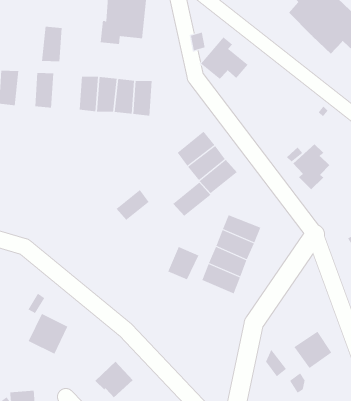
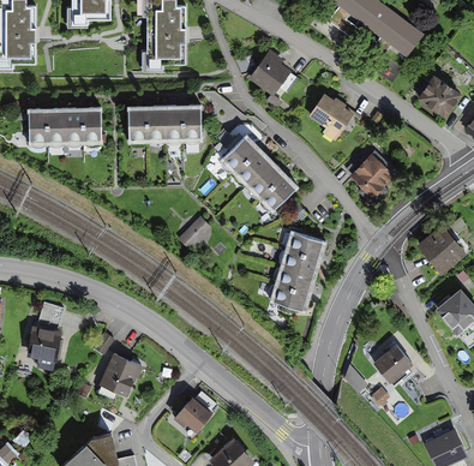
building: [41,26,62,62] -> [64,108,83,144]
building: none -> [307,91,354,136]
building: [172,182,211,217] -> [220,138,258,175]
building: [167,246,199,280] -> none

